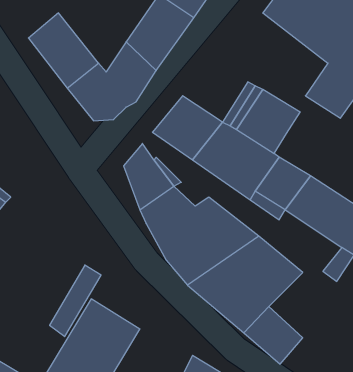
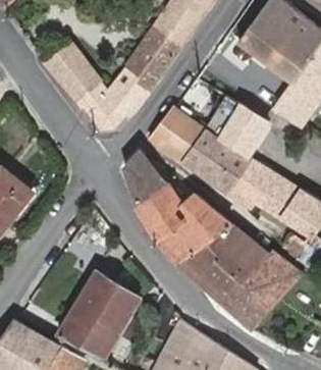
building: none -> [243,251,301,307]

